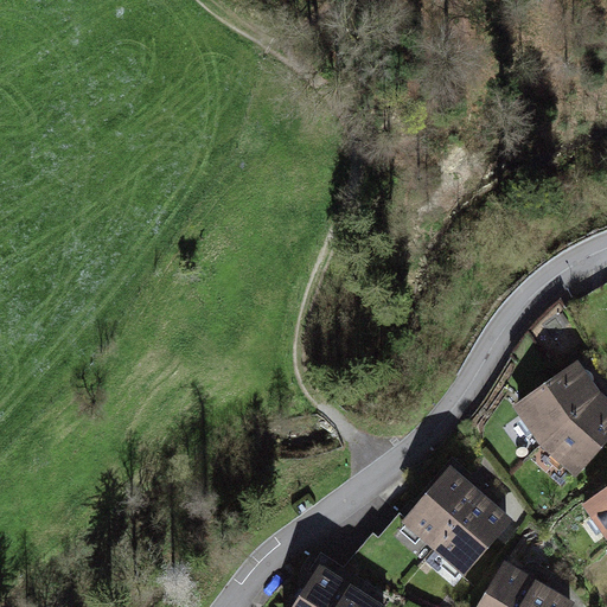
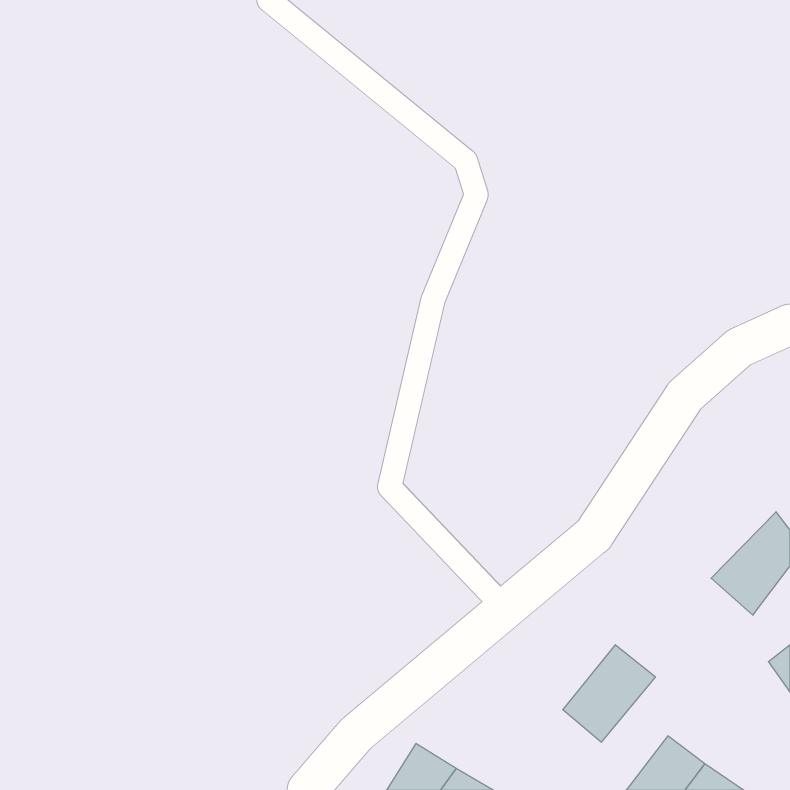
building: [519,370,595,443] -> none
building: [403,472,472,544] -> none

